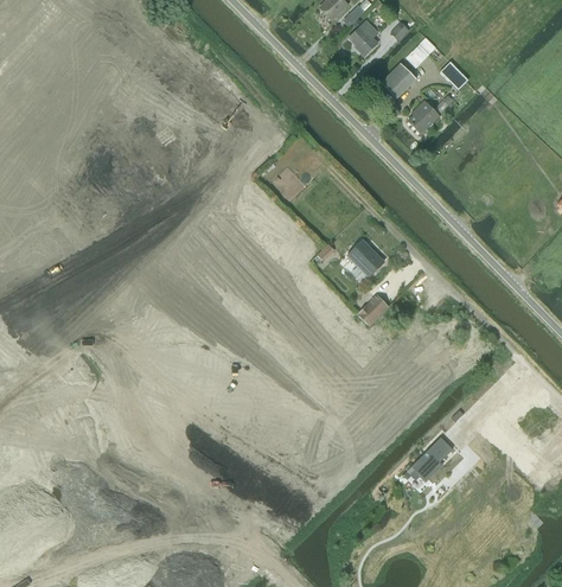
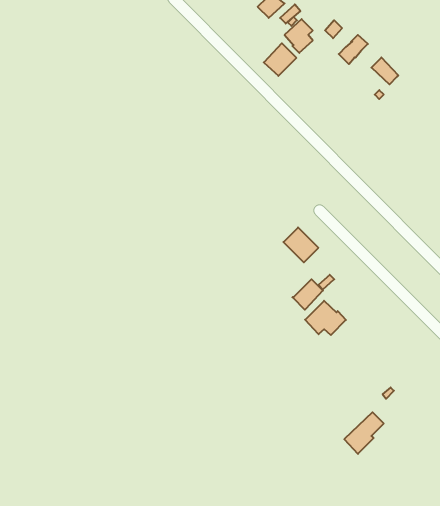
building: [382,63,416,97] -> [264,43,296,76]
building: [408,100,440,133] -> none
building: none -> [305,301,346,335]

